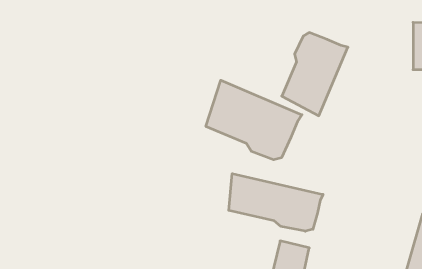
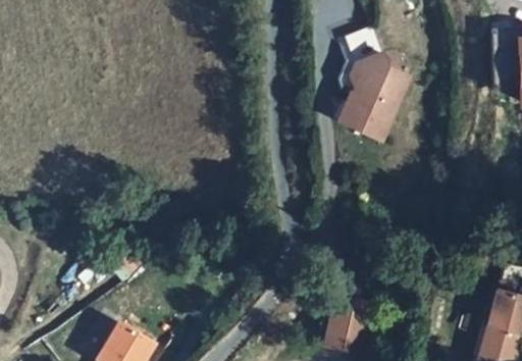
building: [206,80,302,160] -> none
building: [229,174,323,231] -> none

